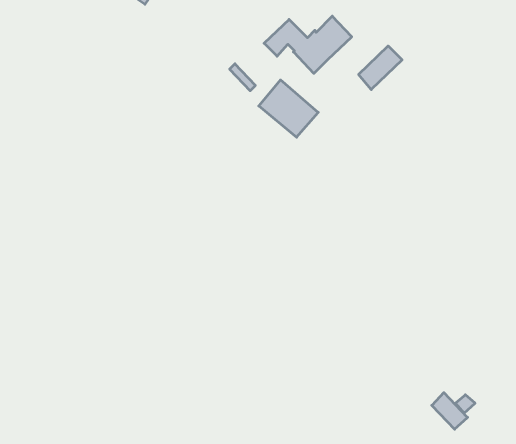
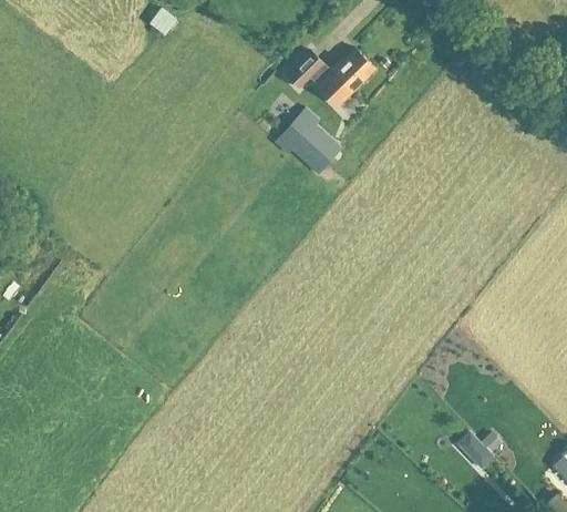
building: [359,46,402,90] -> none

